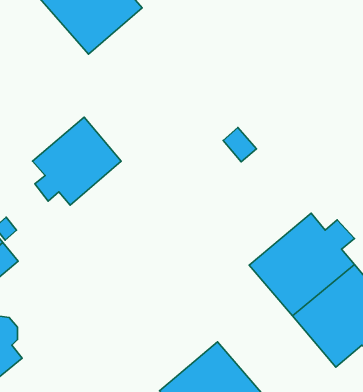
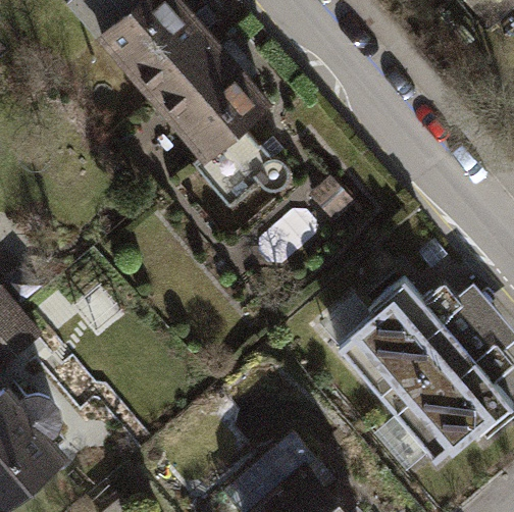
building: none -> [134,20,284,189]
building: [33,117,121,205] -> none

